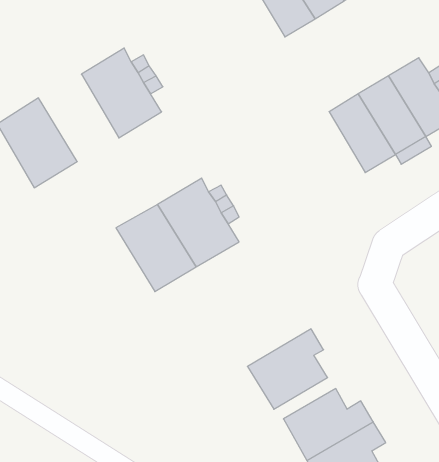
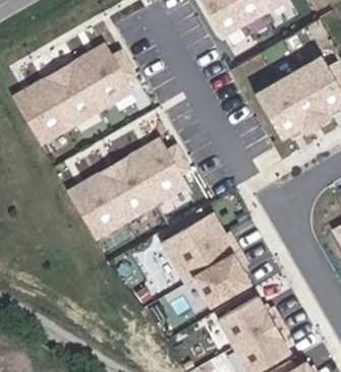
building: none -> [37,64,96,128]
building: none -> [63,177,122,243]
building: none -> [158,216,237,285]

